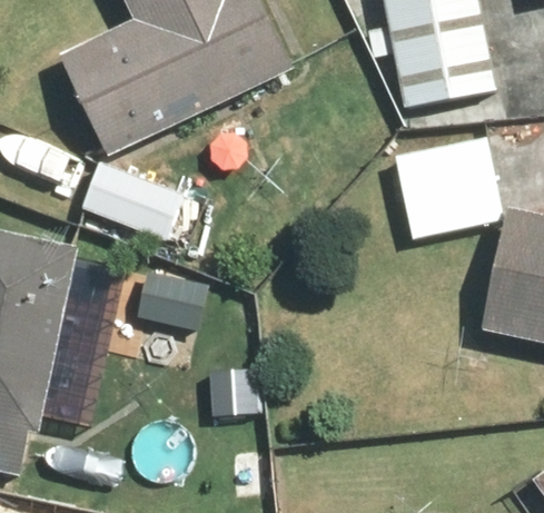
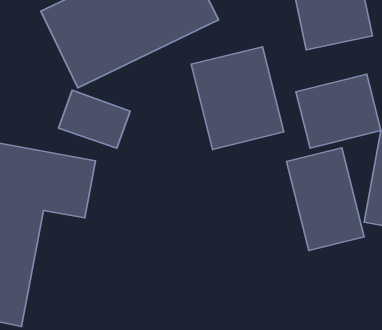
building: none -> [191,47,284,149]
building: none -> [286,148,364,250]

